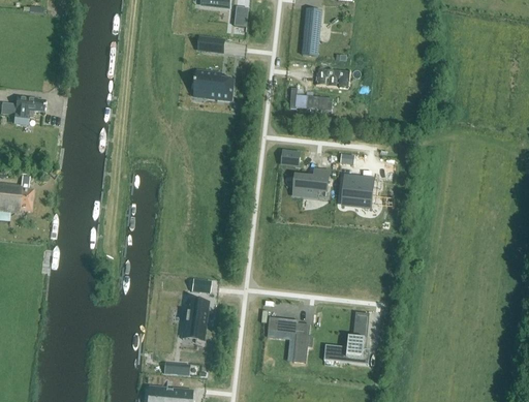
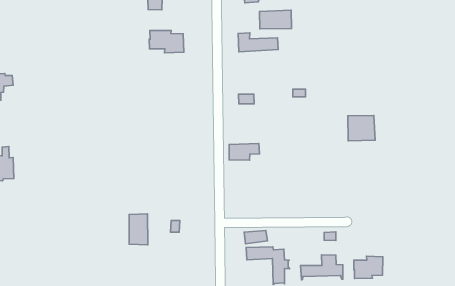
building: [340,174,371,204] -> [348,115,375,141]
building: [293,177,328,196] -> [229,143,259,160]
building: [184,301,208,336] -> [129,214,148,245]
building: none -> [354,256,383,279]

